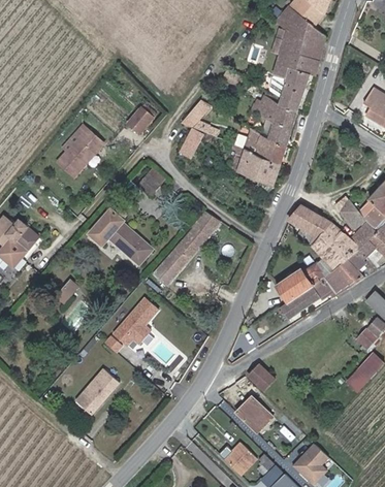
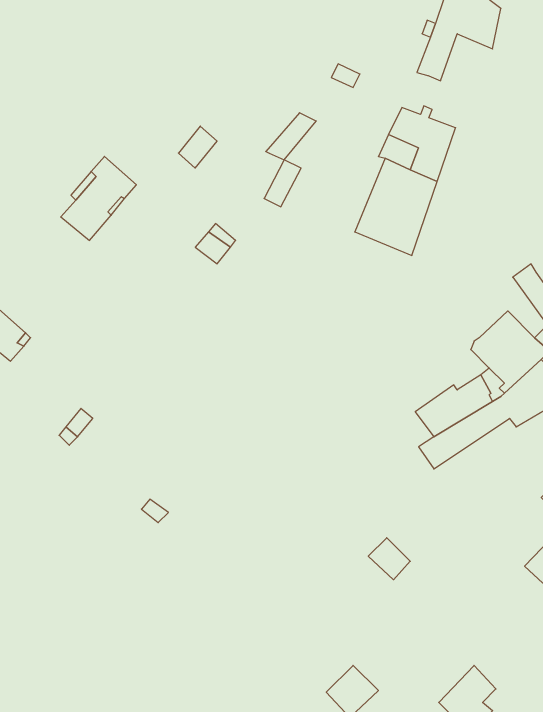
building: [282,52,322,109] -> none
building: [289,204,331,238] -> none
building: [88,208,154,263] -> none
building: [152,210,222,287] -> none
building: [116,296,162,346] -> none
building: [74,368,120,415] -> none
building: [233,395,269,430] -> none

